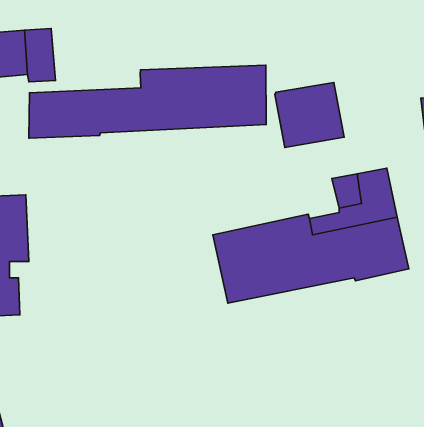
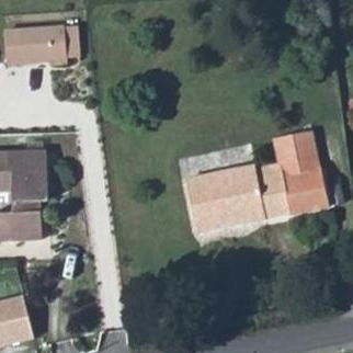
building: [29,65,266,138] -> none
building: [275,82,344,148] -> none

